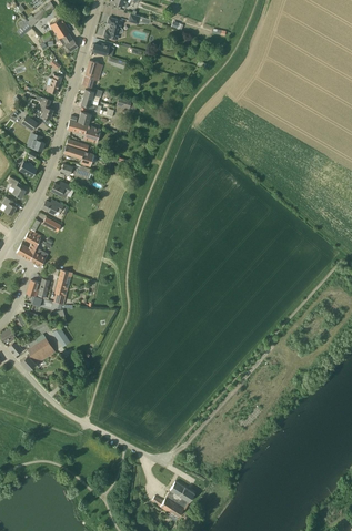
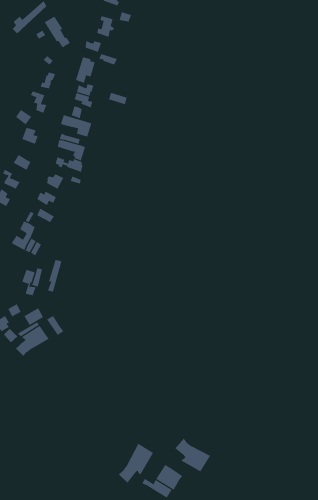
building: none -> [174,438,211,472]
building: none -> [118,443,154,483]

